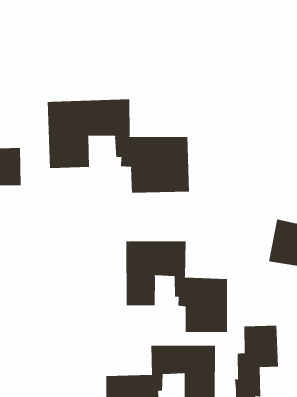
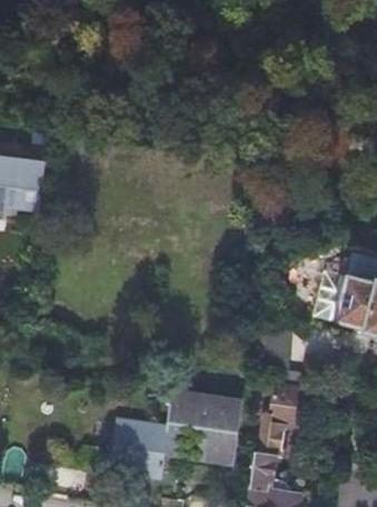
building: [47,99,190,194] -> none
building: [126,241,227,333] -> none

